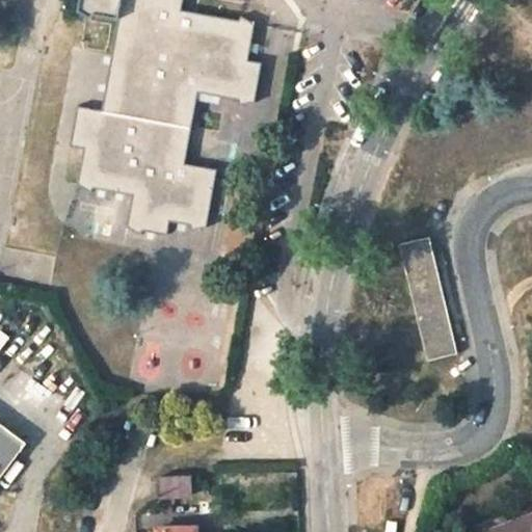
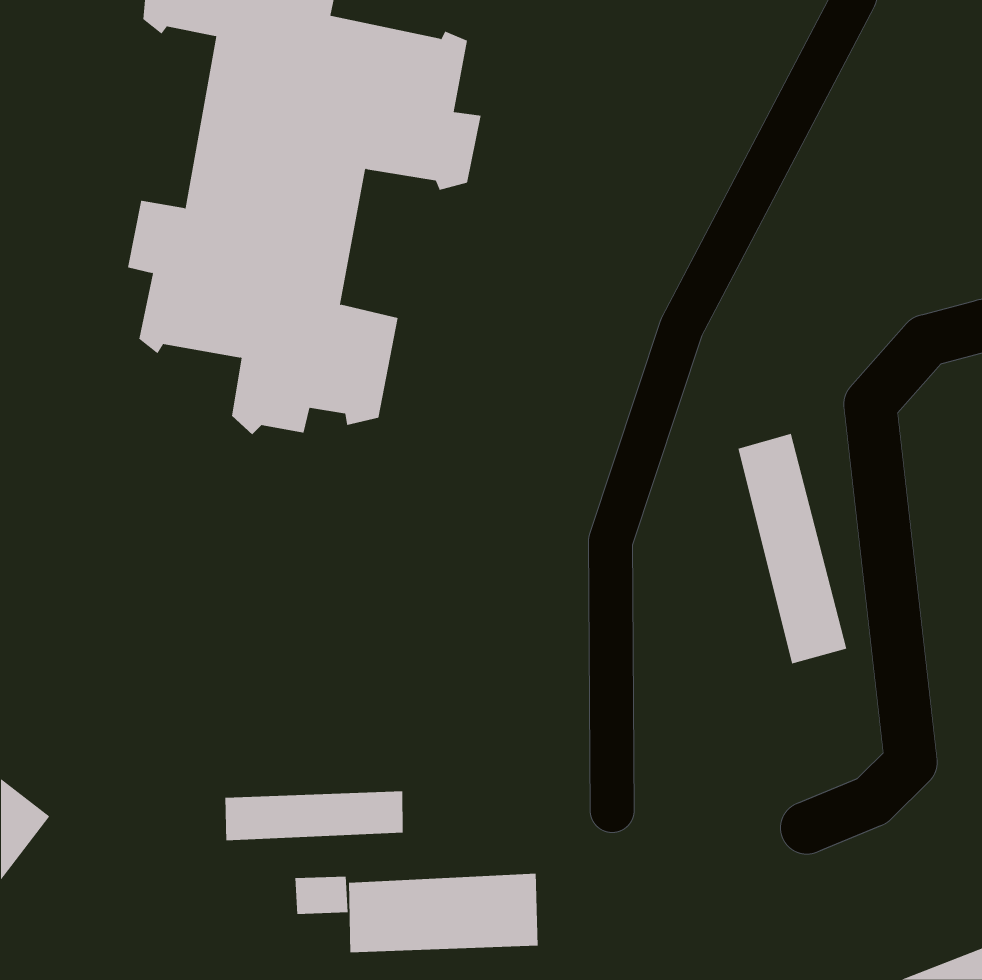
building: none -> [225,791,403,841]
building: none -> [348,873,538,953]

